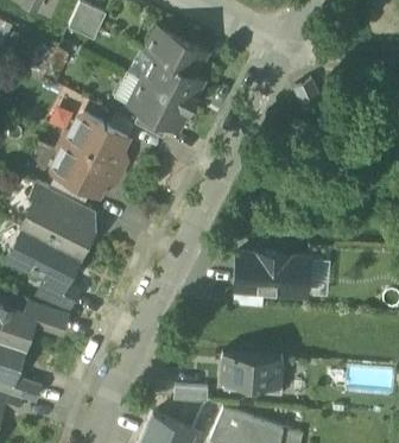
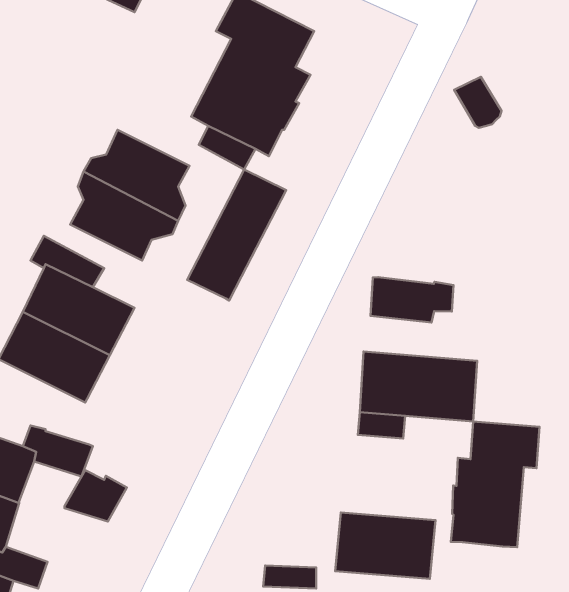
building: none -> [187,170,286,300]
building: none -> [371,277,454,322]
building: [38,278,77,310] -> [64,470,127,521]
building: none -> [451,422,540,547]

